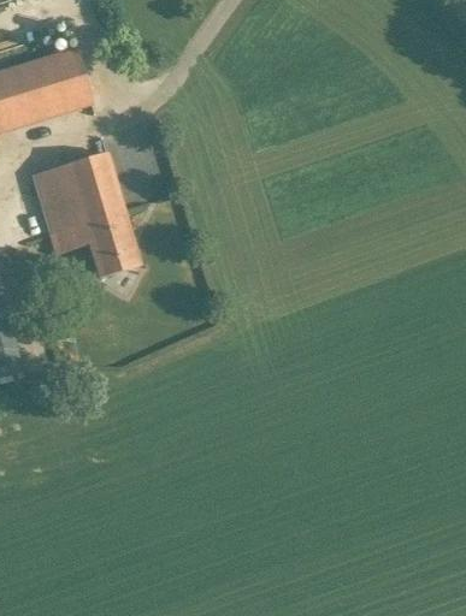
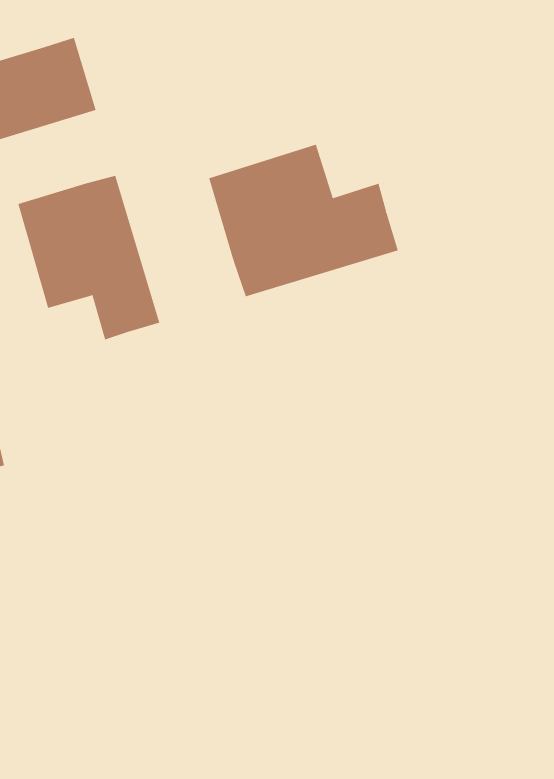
building: none -> [208,144,398,297]

